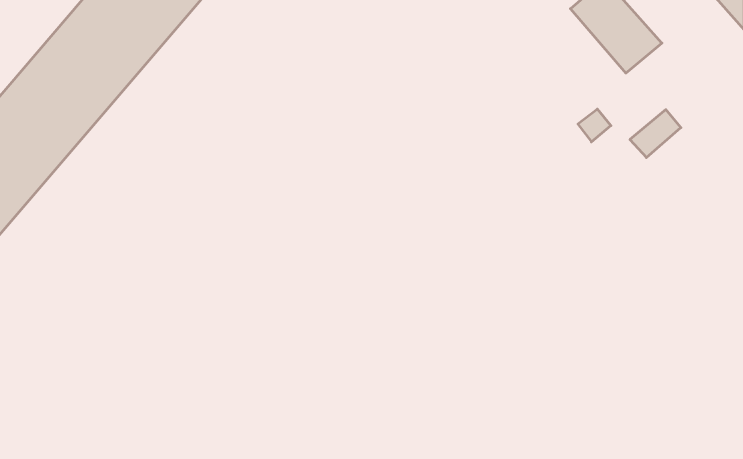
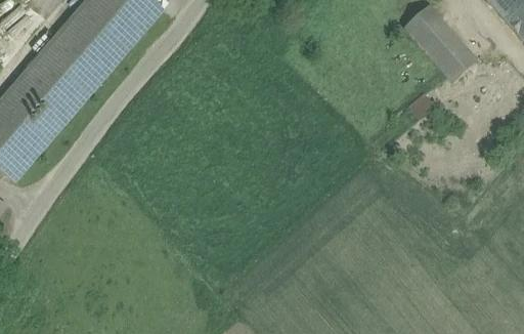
building: [630,110,681,158] -> [442,48,477,81]

